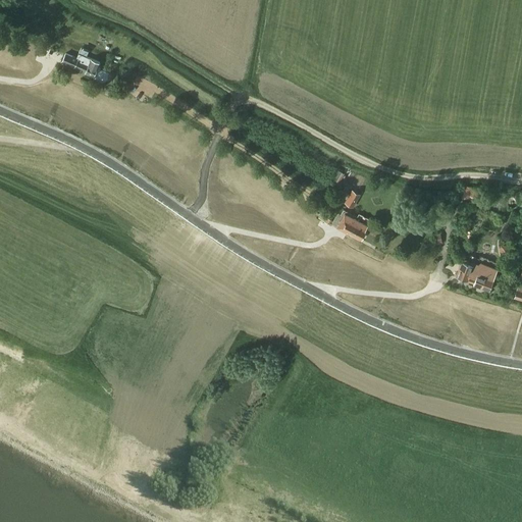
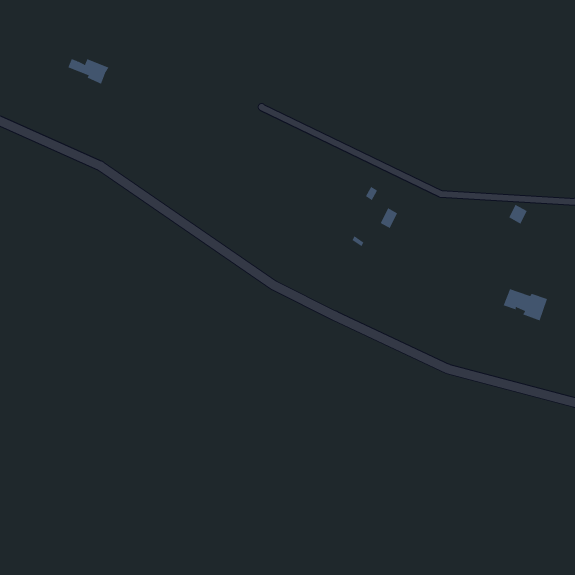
building: [336,213,366,239] -> none

